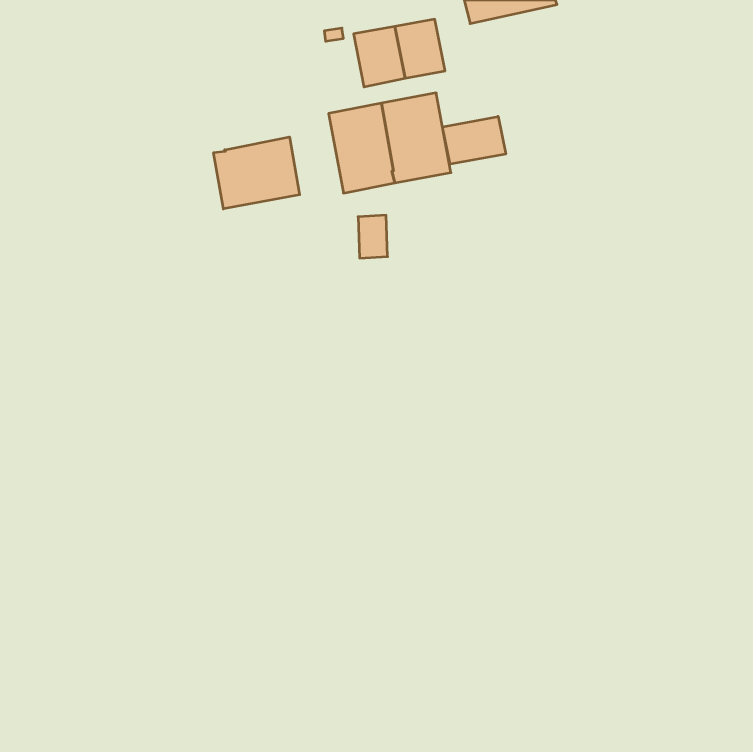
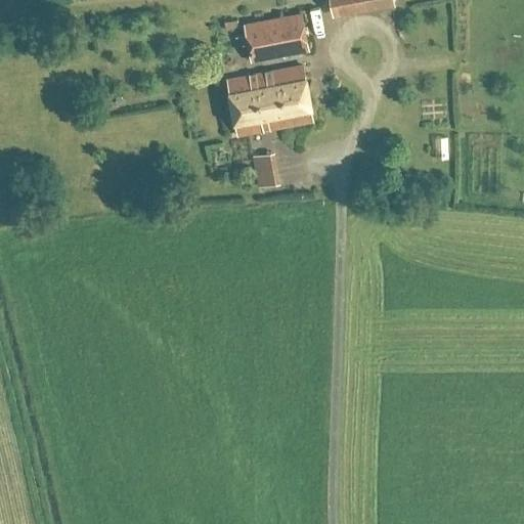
building: [442,116,506,164] -> none
building: [214,137,300,209] -> none

